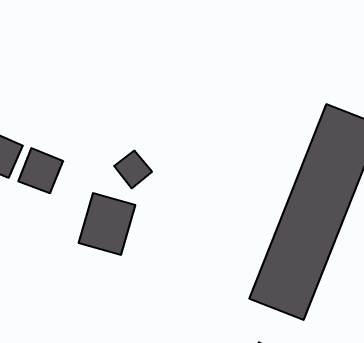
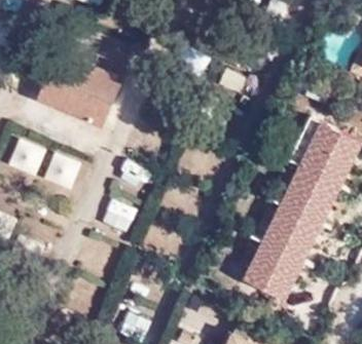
building: none -> [37,52,122,130]

